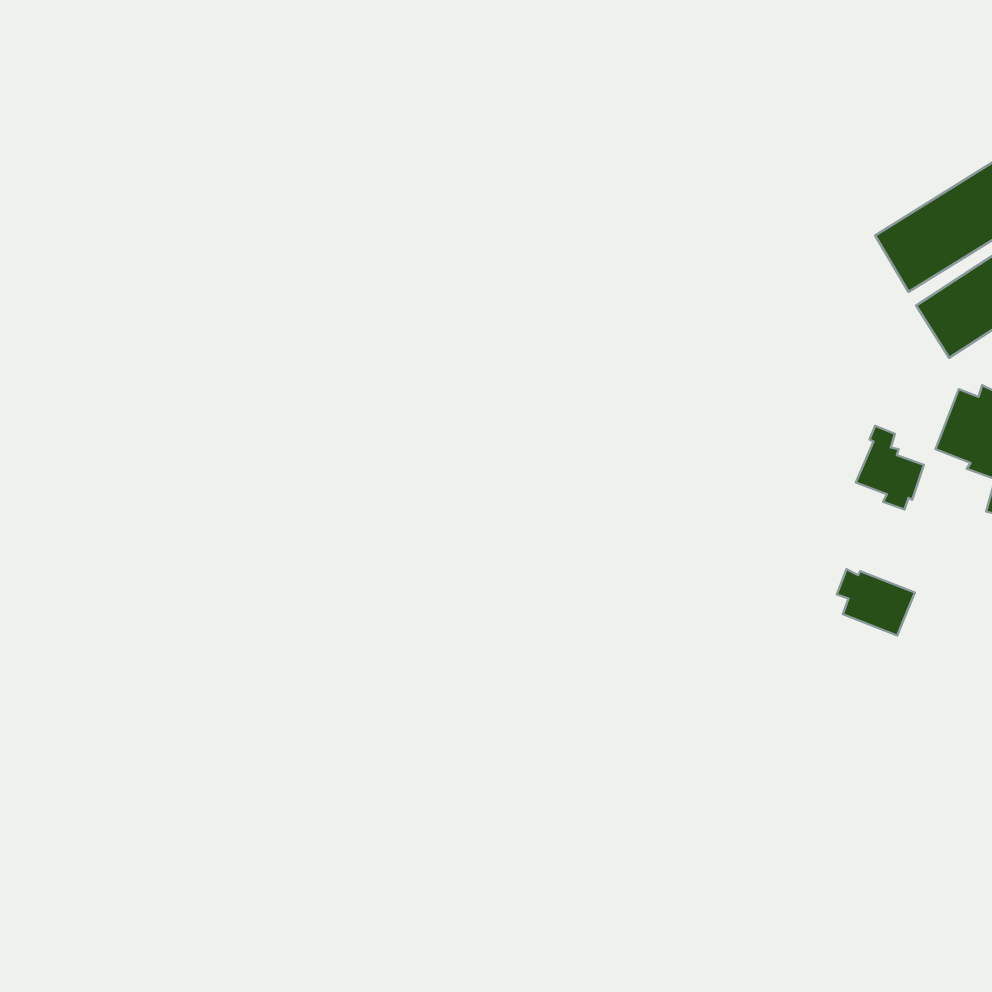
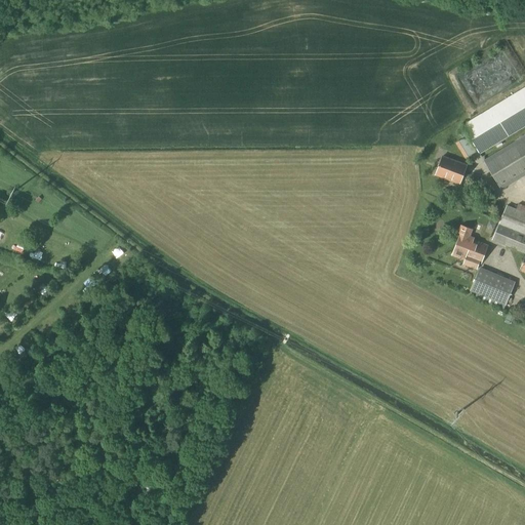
building: none -> [436,155,469,185]
building: [837,569,915,635] -> [475,269,516,304]

